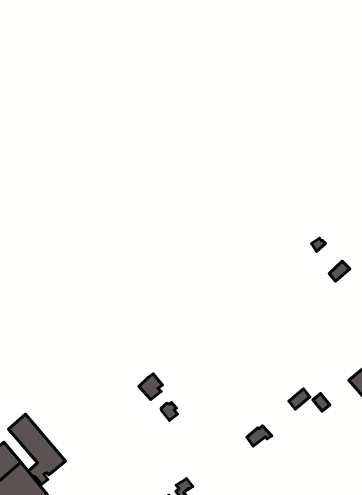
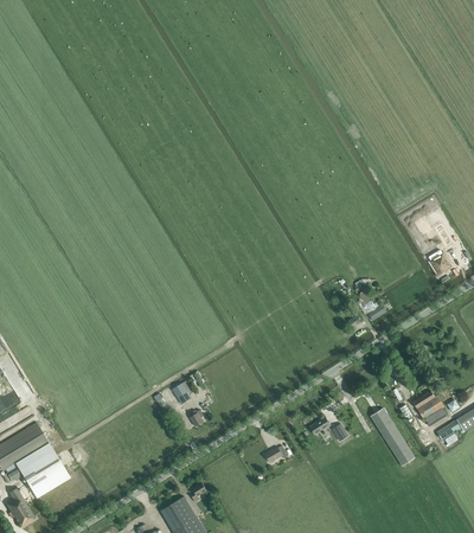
building: [9,414,66,484] -> none

